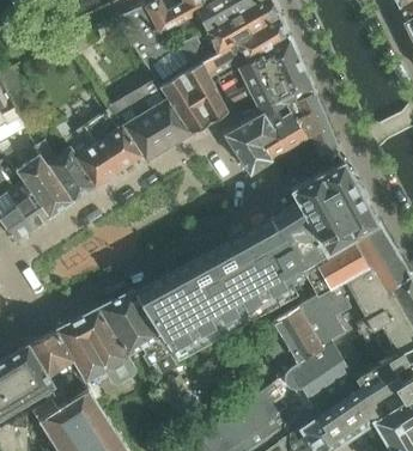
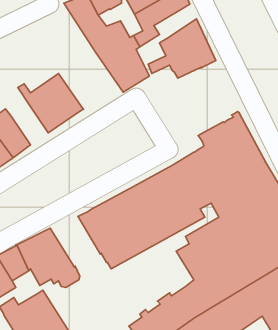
building: [237,19,287,63] -> none
building: [108,81,193,161] -> none
building: [217,92,338,175] -> none
building: [48,148,96,201] -> none
building: [98,291,178,376] -> none

